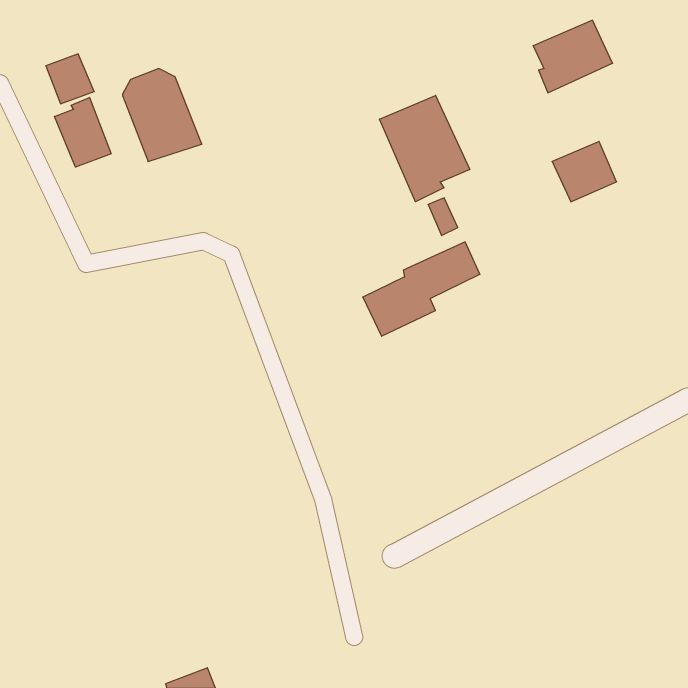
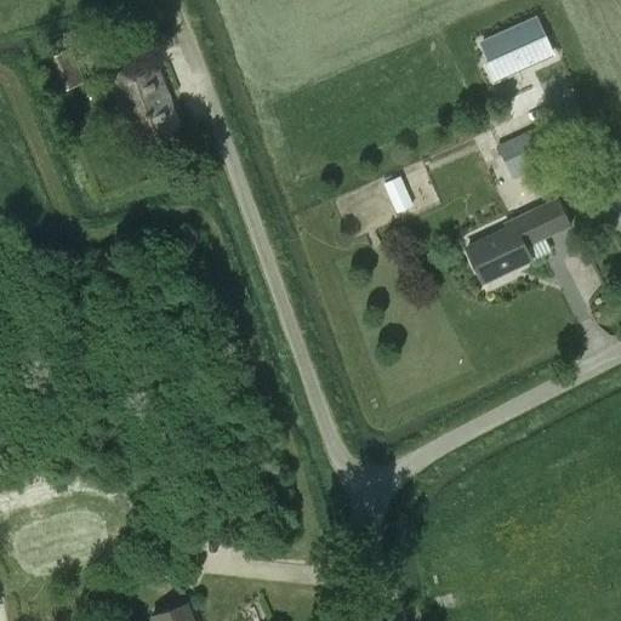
building: [380,95,470,202] -> none
building: [55,97,111,167] -> none
building: [363,242,480,336] -> [466,198,571,283]

